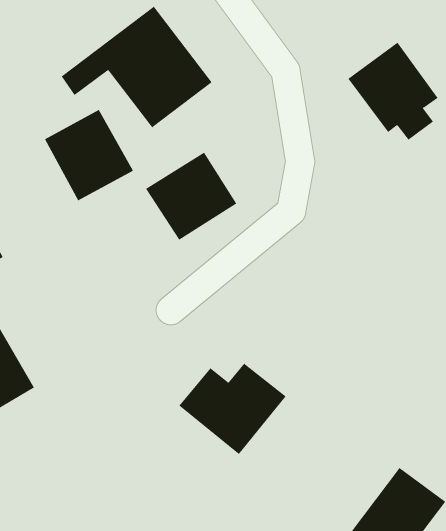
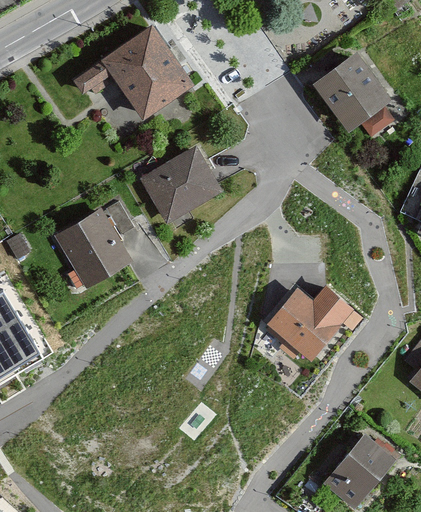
building: [44,109,134,201] -> [53,207,133,289]
building: [179,363,286,455] -> [266,288,362,370]

